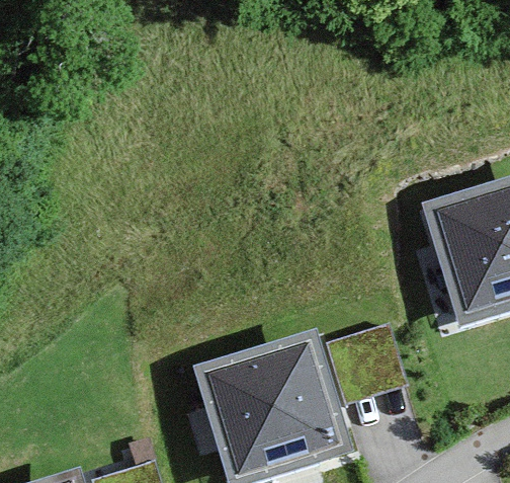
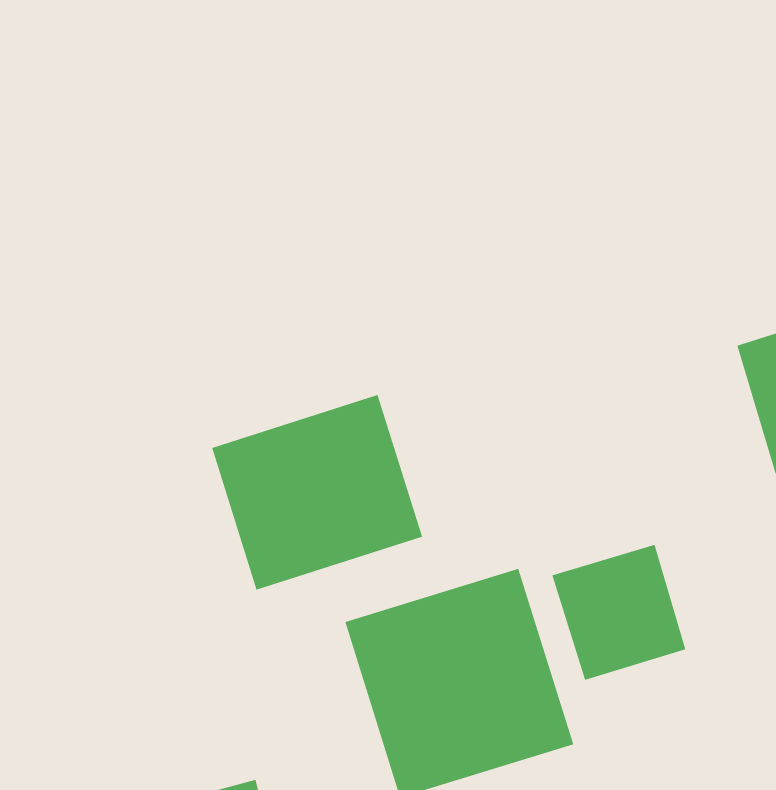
building: none -> [211,394,423,590]

